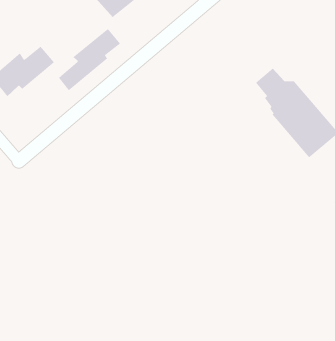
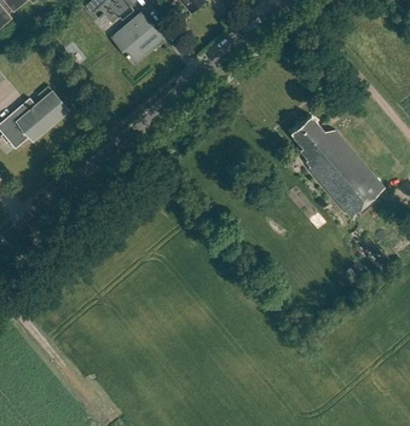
building: [58,28,121,91] -> none

